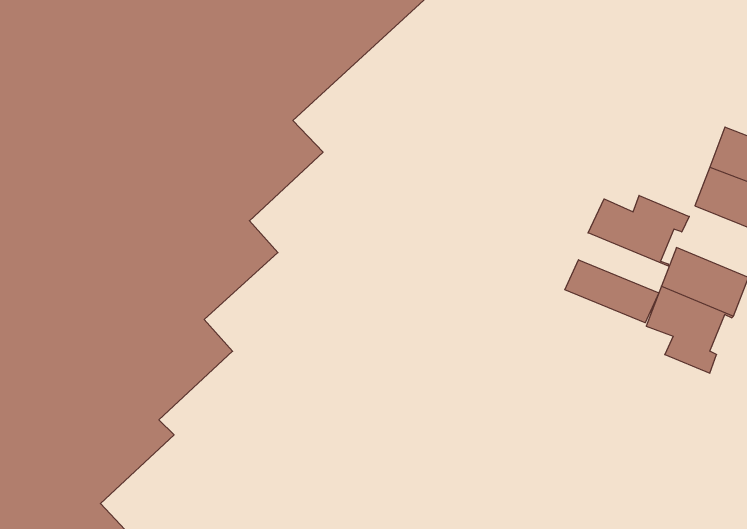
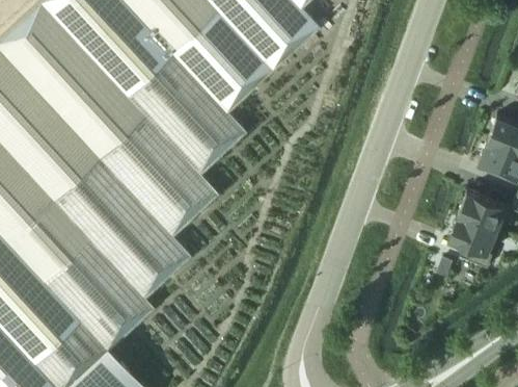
building: [588,195,689,266] -> none
building: [565,260,659,323] -> none

